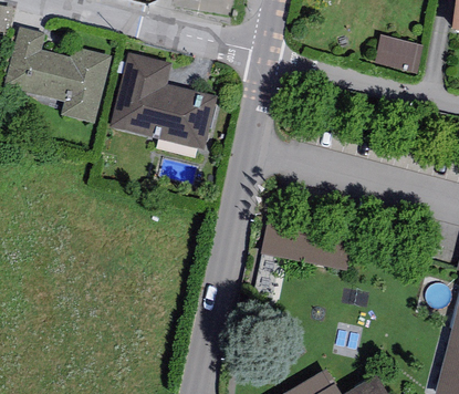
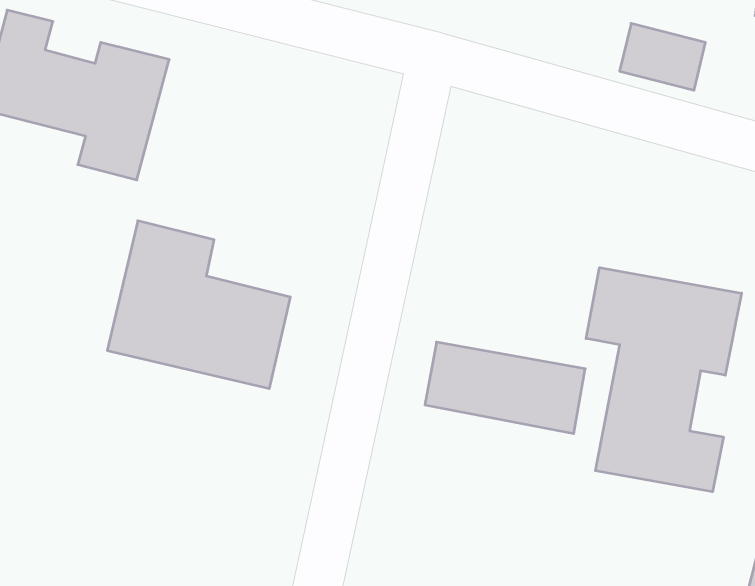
building: [108,52,215,149] -> [107,221,290,389]
building: none -> [586,268,742,492]

